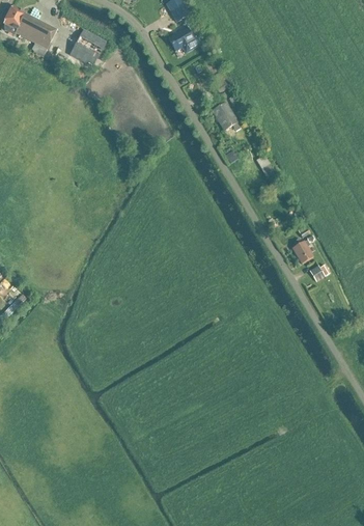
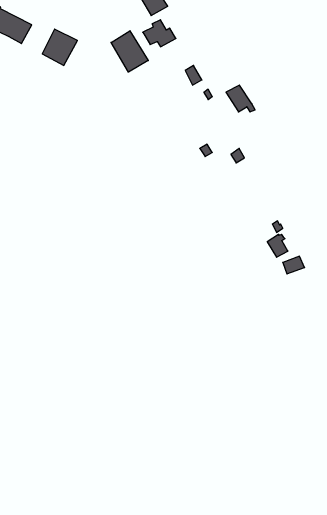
building: none -> [111,31,148,72]
building: [212,103,241,130] -> [226,85,255,112]

